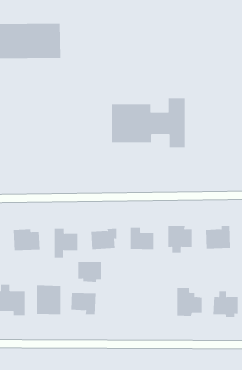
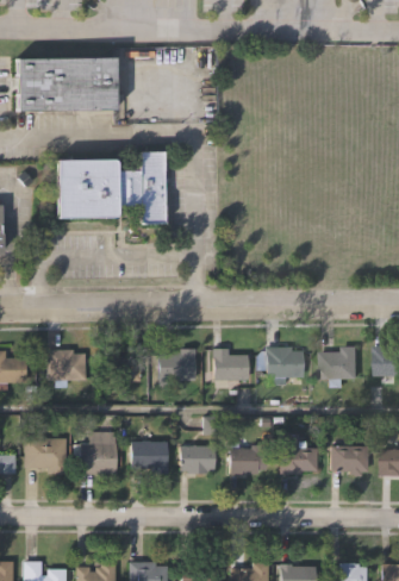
building: [111,98,185,148] -> [60,151,166,223]
building: [78,262,102,282] -> [181,445,216,475]
building: none -> [231,444,267,474]

